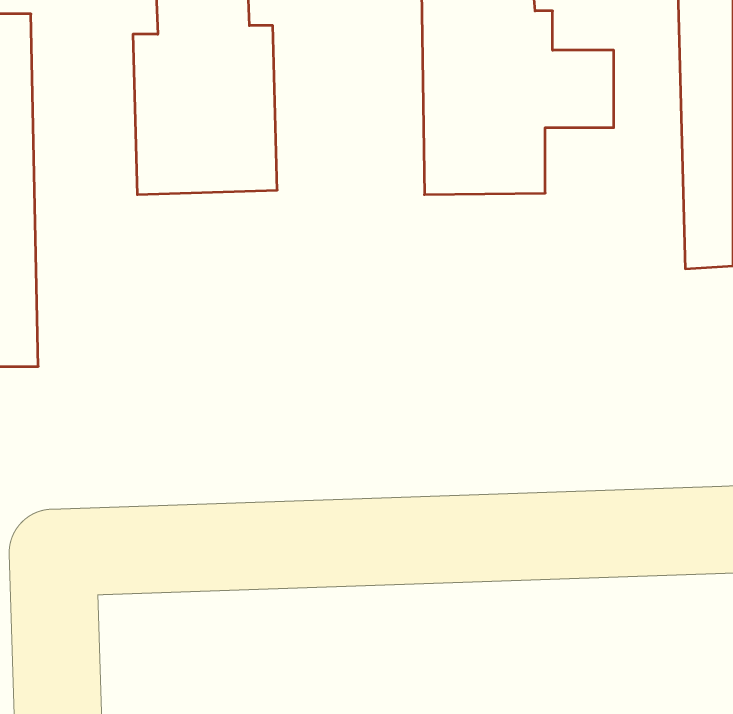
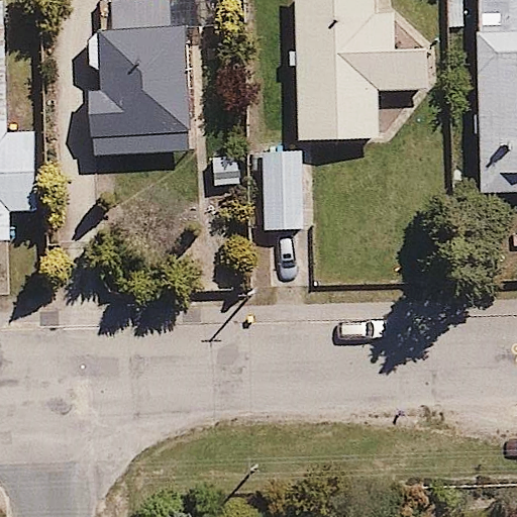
building: none -> [264,145,306,228]

